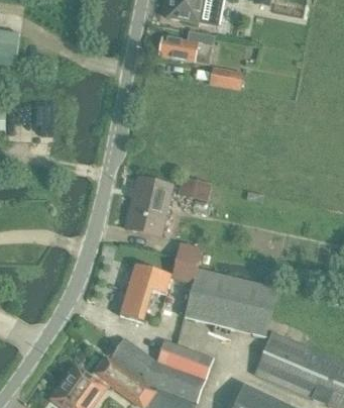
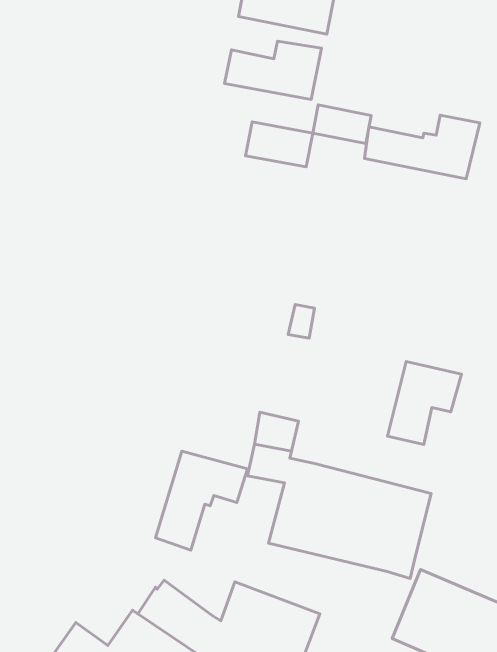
building: none -> [364,115,480,179]
building: none -> [246,122,313,167]
building: [126,177,171,236] -> none
building: none -> [387,362,461,444]

